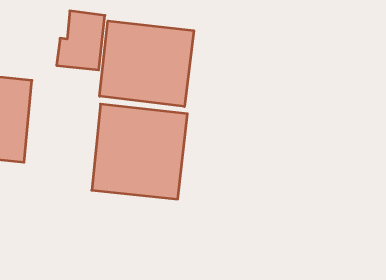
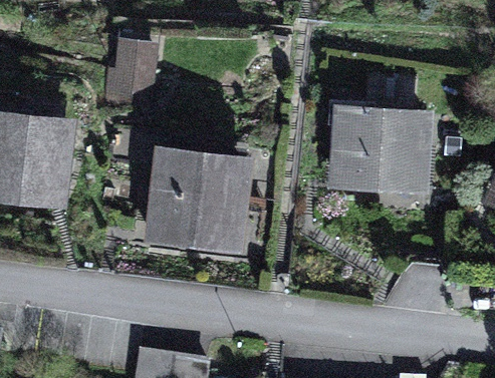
building: [100,21,194,107] -> none
building: none -> [329,104,434,196]

